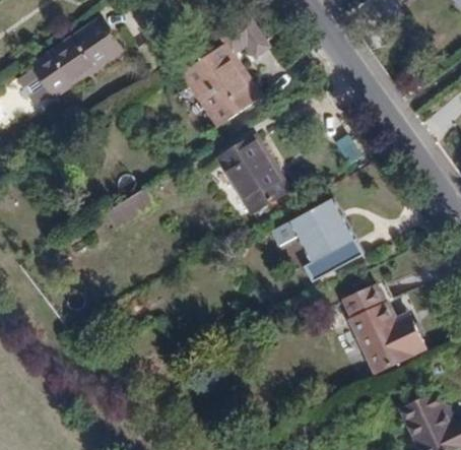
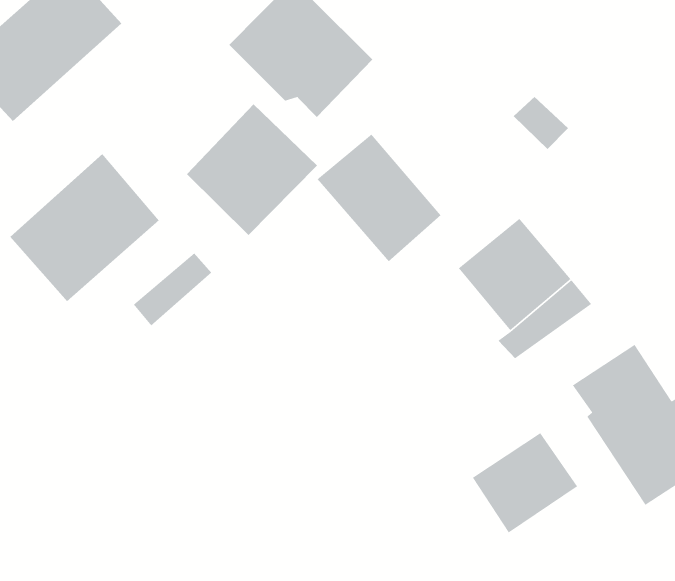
building: none -> [186,103,318,236]
building: none -> [10,153,160,302]
building: none -> [472,432,578,533]

